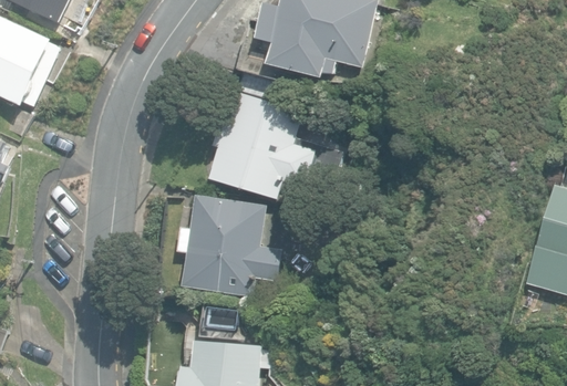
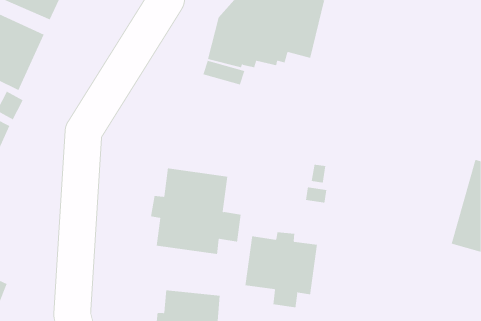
building: [209,90,317,199] -> none
building: none -> [245,231,317,308]

